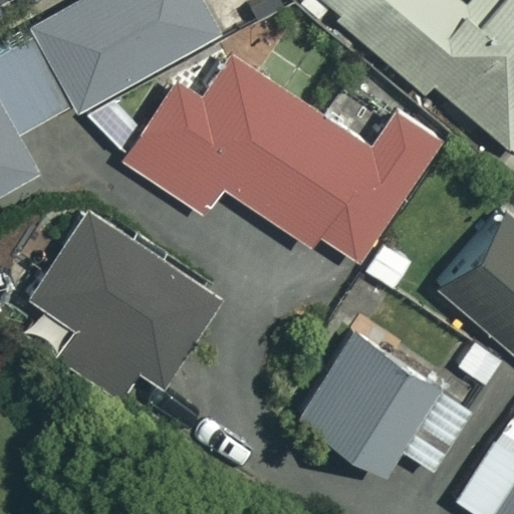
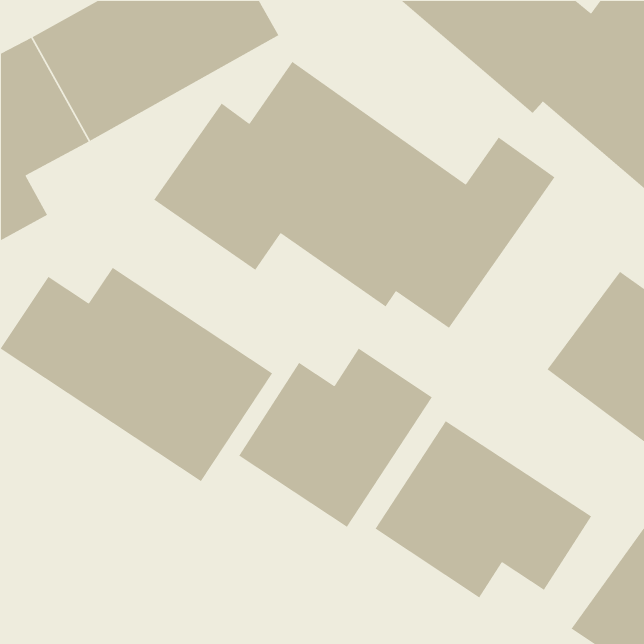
building: none -> [238,348,433,528]

